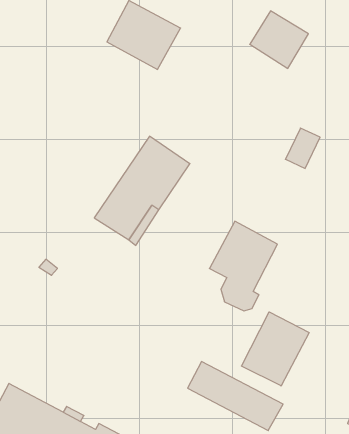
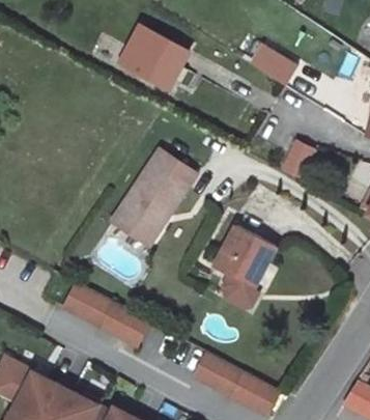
building: none -> [62,283,148,345]
building: [241,312,309,386] -> none

